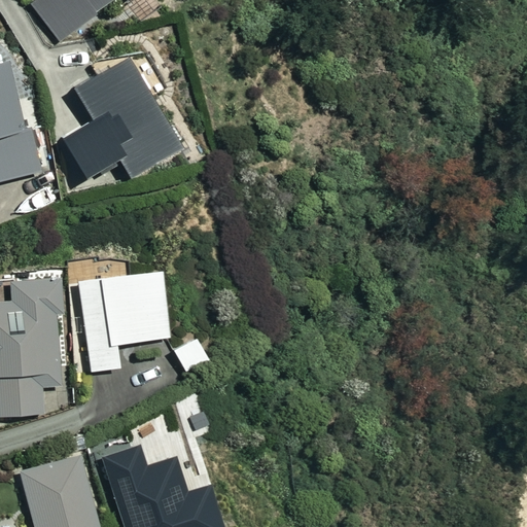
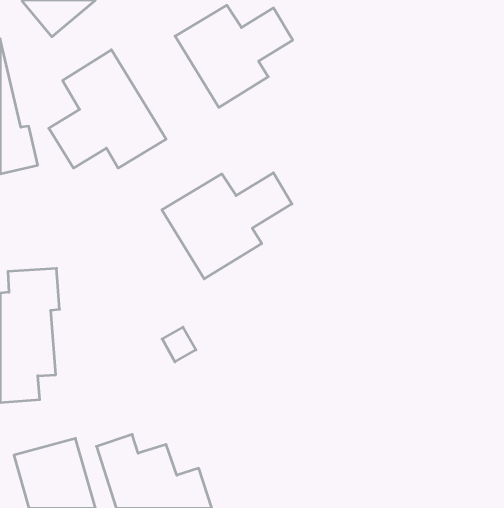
building: none -> [175,5,293,107]
building: none -> [162,173,292,279]
building: [78,272,168,374] -> none

